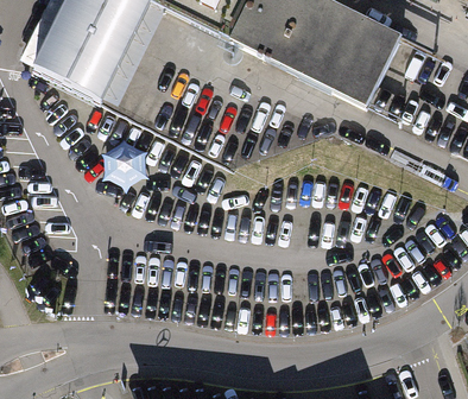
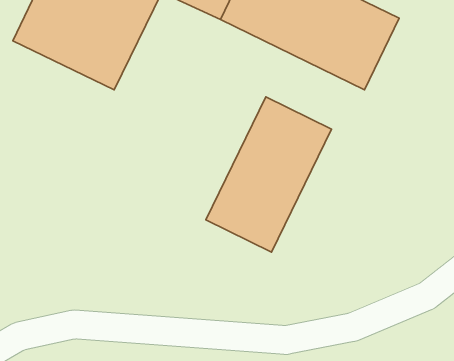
building: none -> [206,97,331,252]

